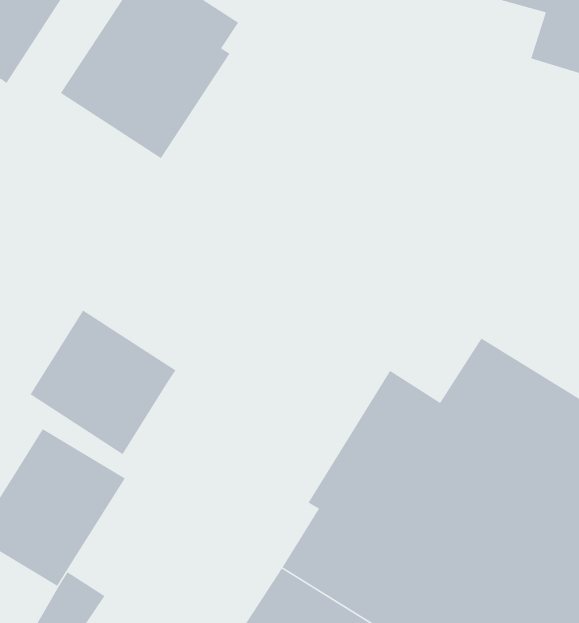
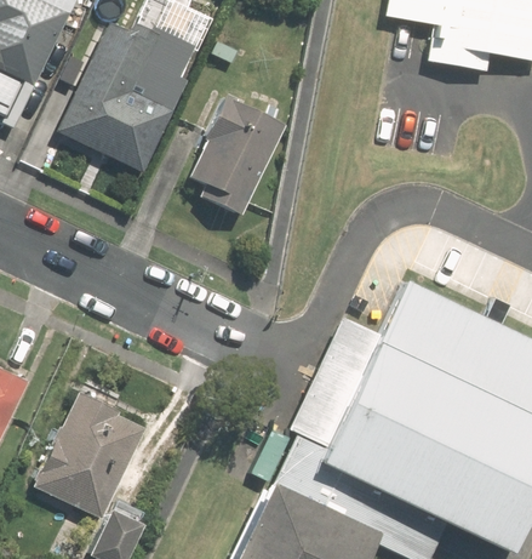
building: none -> [190,97,286,217]
building: [29,309,176,455] -> none

